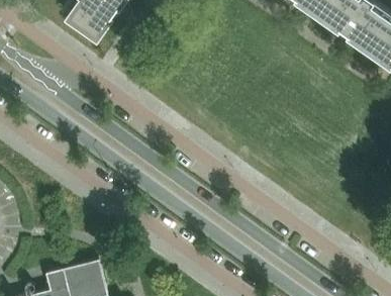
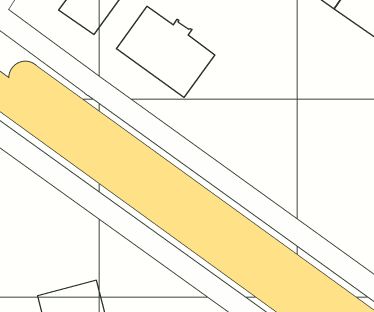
building: none -> [116,6,215,97]

